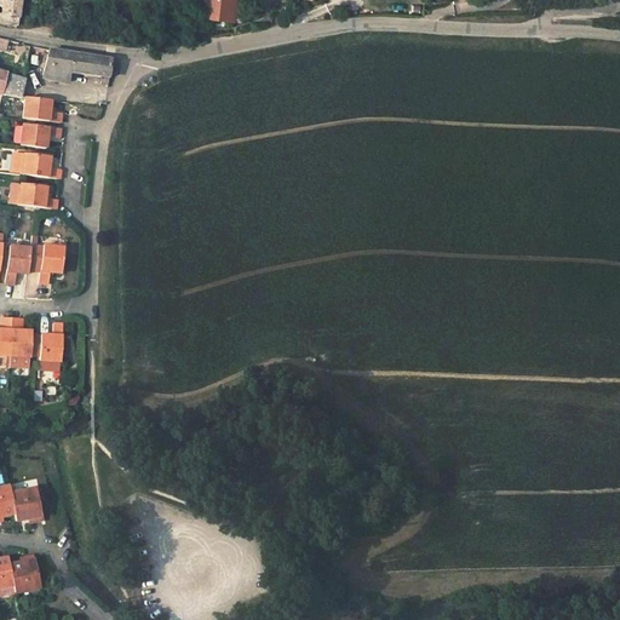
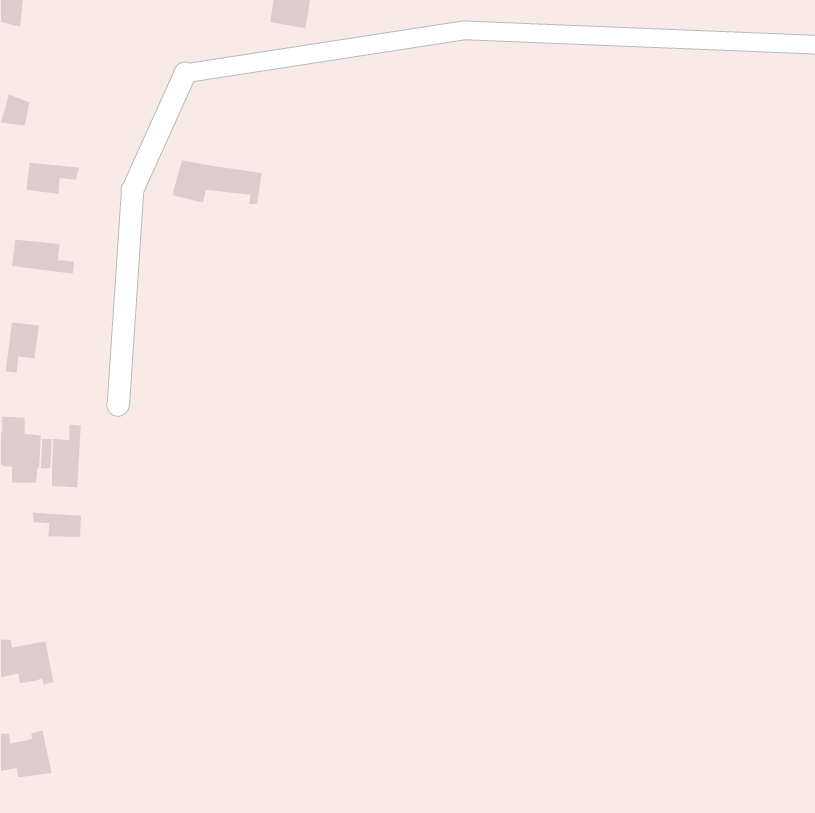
building: [42,48,111,82] -> [172,160,263,205]
building: [22,97,61,122] -> none
building: [10,153,61,178] -> none
building: [38,245,63,283] -> none
building: none -> [32,512,82,538]

